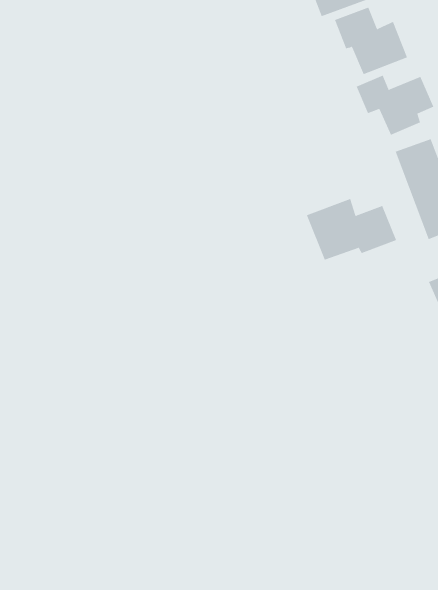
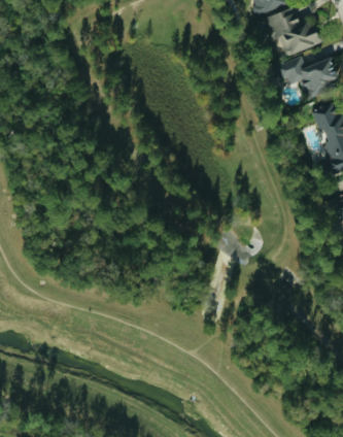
building: [306,198,397,261] -> none

